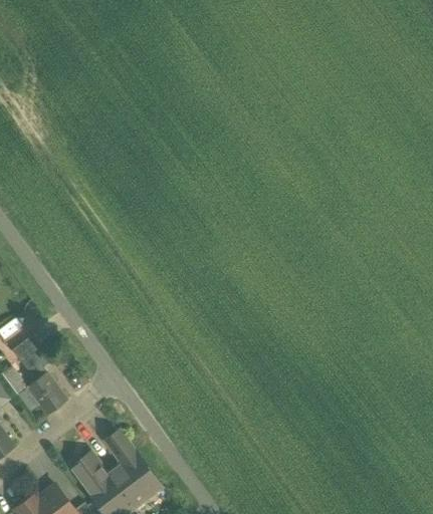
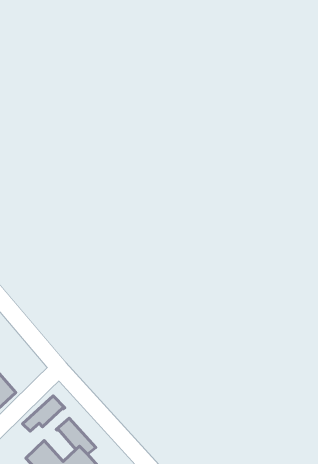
building: none -> [23,396,65,431]

